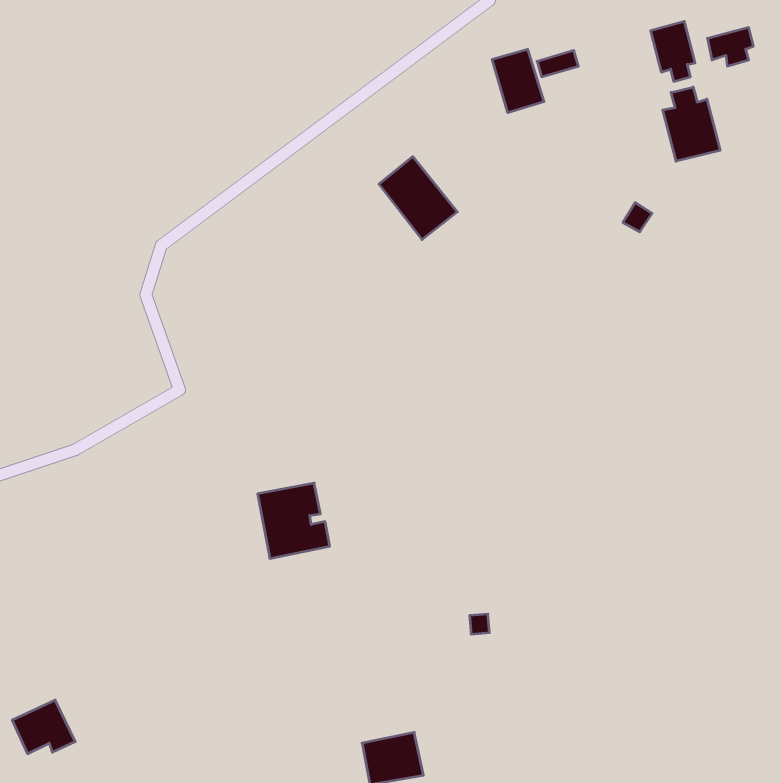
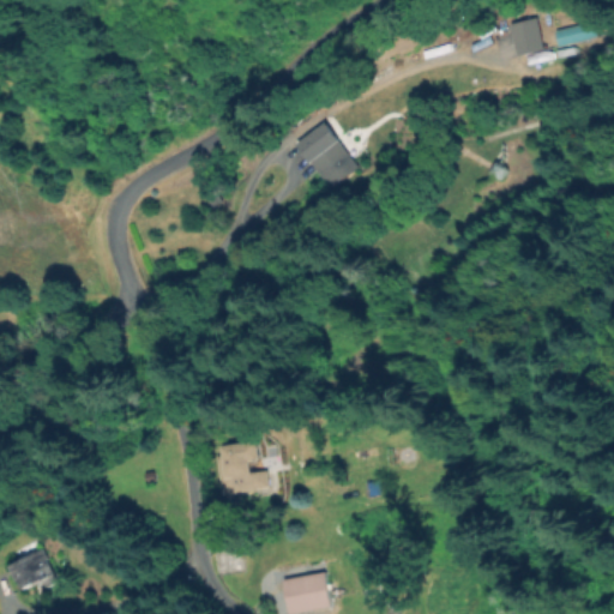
building: [492,49,544,113] -> none
building: [663,87,720,161] -> none
building: [258,483,330,558] -> [211,438,267,496]

